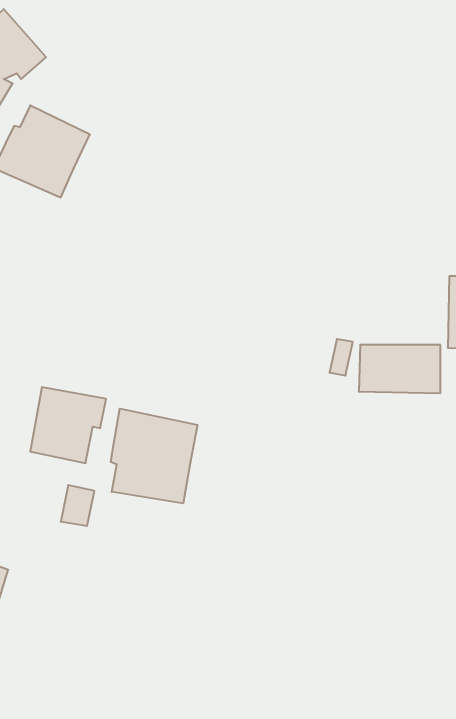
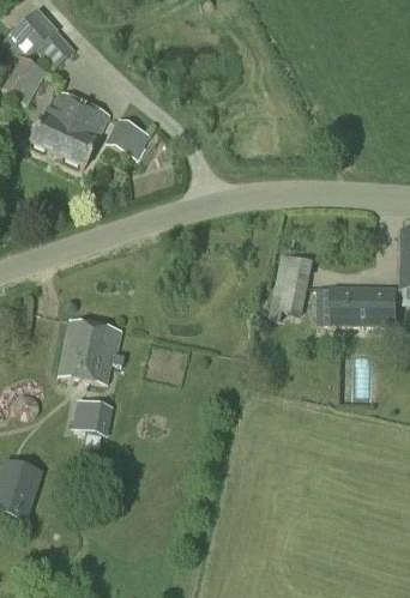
building: none -> [104,115,150,157]
building: none -> [270,253,312,313]
building: [111,409,197,503] -> none

